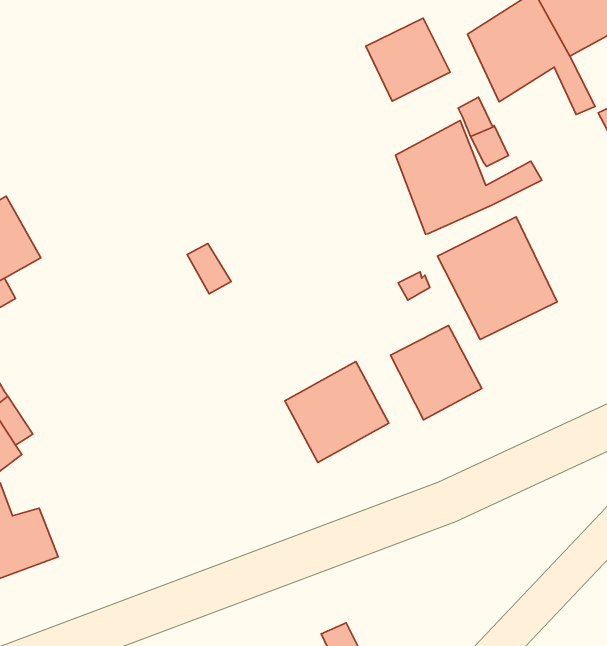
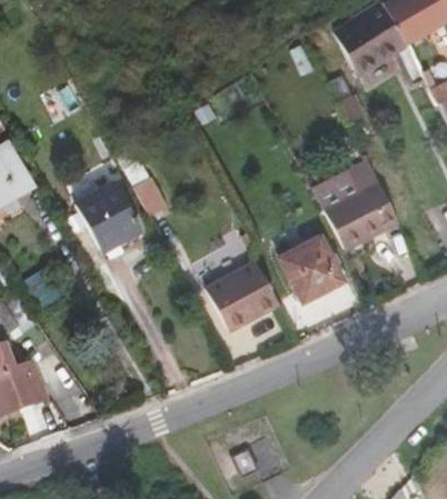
building: [366,18,450,101] -> none
building: [395,120,542,234] -> none
building: none -> [74,179,143,252]

